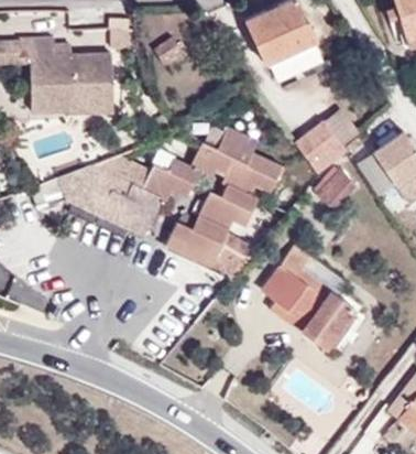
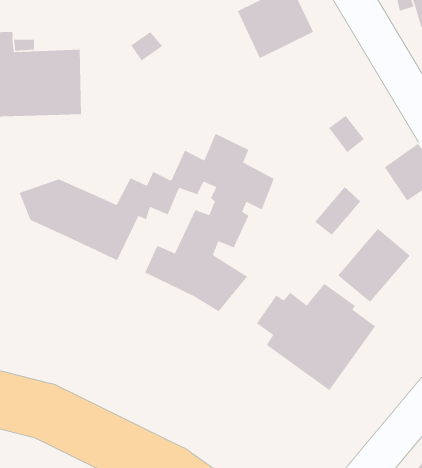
building: [294,121,342,173] -> none
building: none -> [337,228,411,303]

